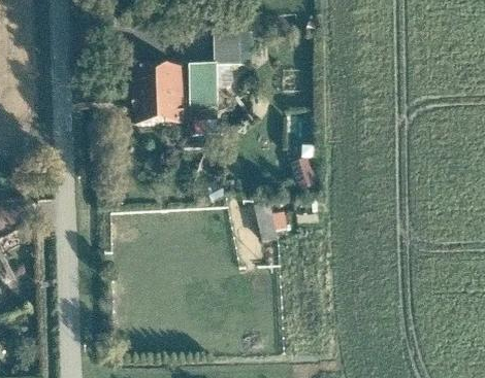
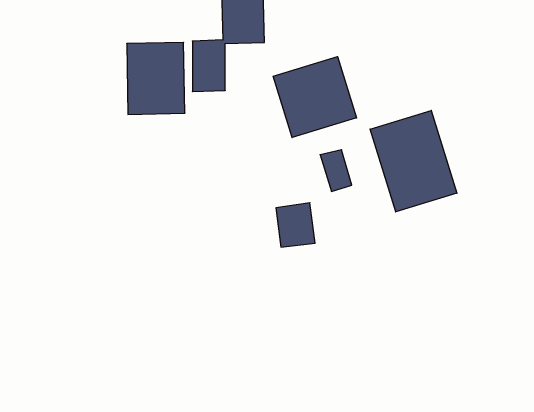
building: none -> [273,57,357,138]
building: none -> [370,110,457,212]

